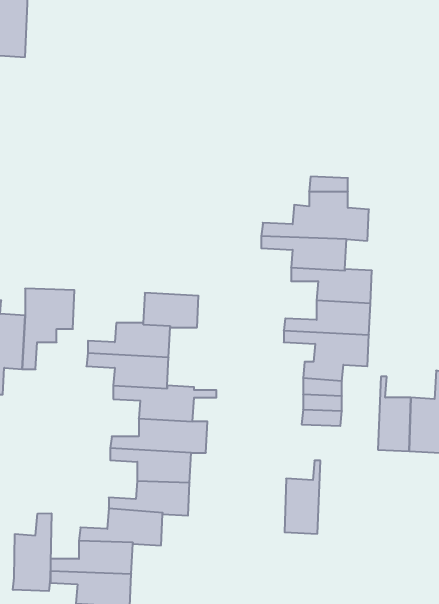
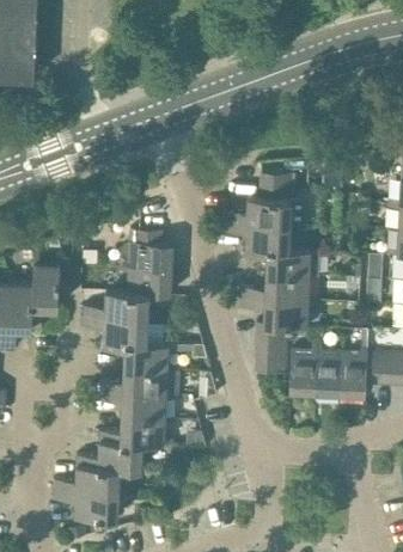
building: none -> [121,229,173,270]
building: [285,461,320,534] -> [289,335,318,393]
building: [13,513,51,591] -> none

